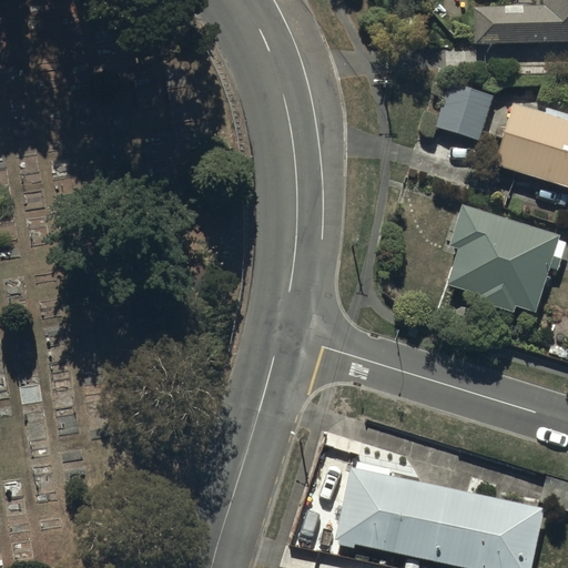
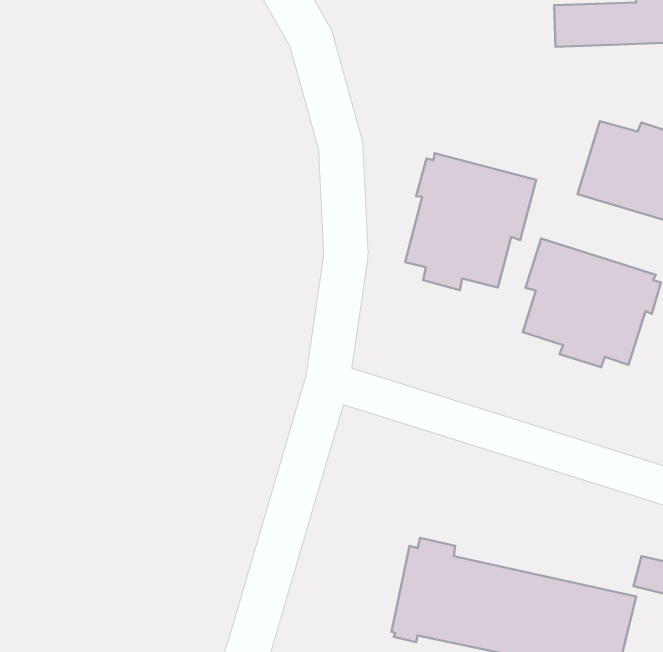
building: [436,80,493,139] -> none
building: none -> [405,153,536,290]

